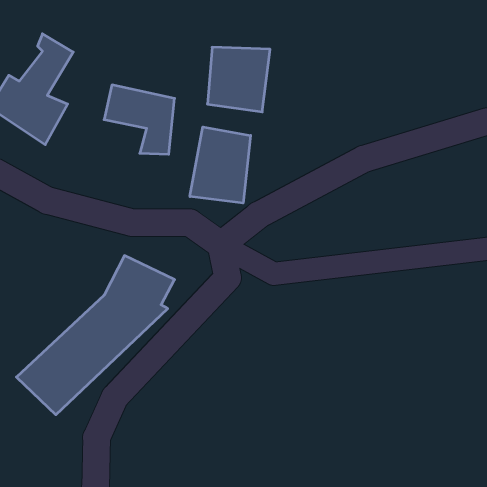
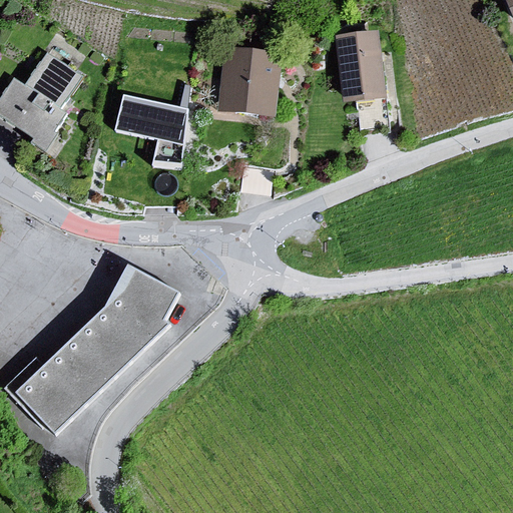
building: none -> [334,29,390,101]
building: [190,127,251,203] -> none

